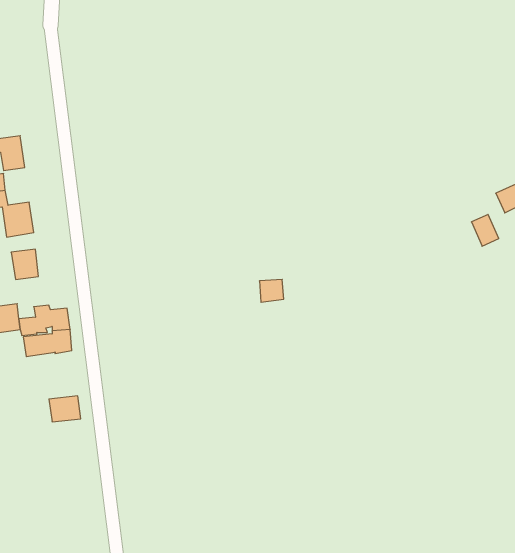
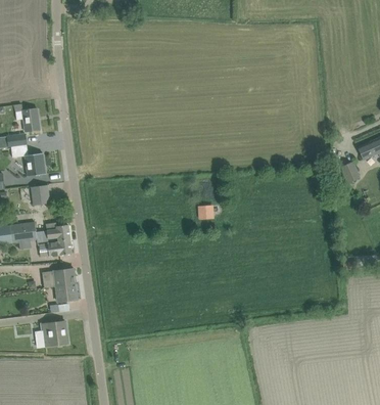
building: none -> [41,268,75,287]
building: none -> [41,320,66,345]

